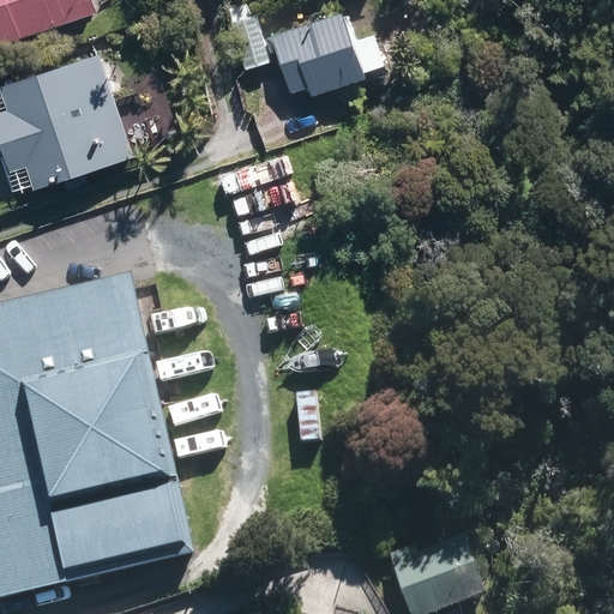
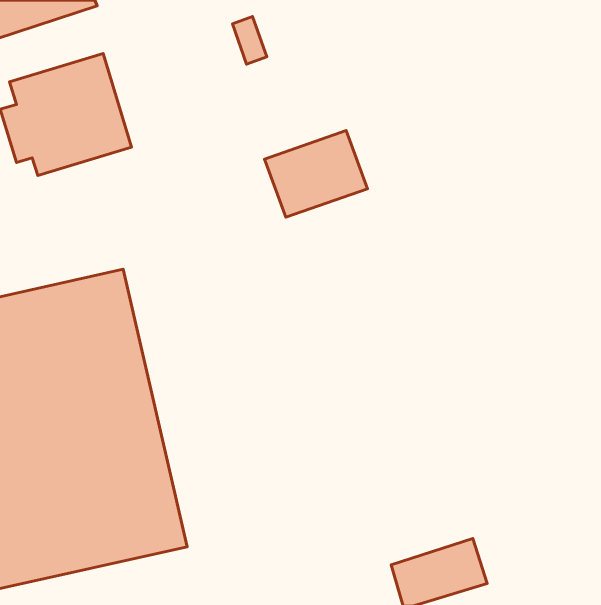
building: [270,8,374,96] -> [264,131,368,217]

